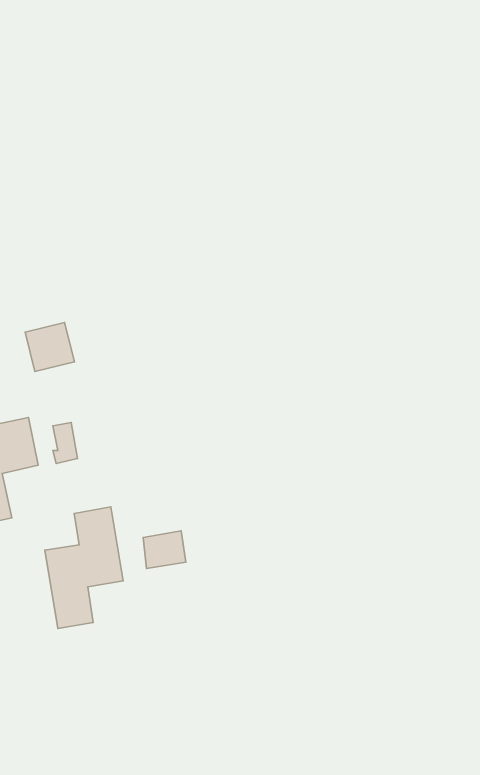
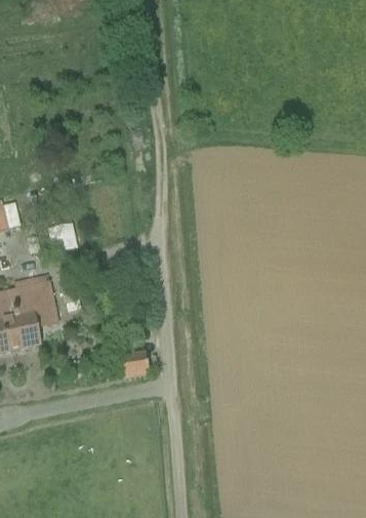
building: [45,507,123,628] -> none

